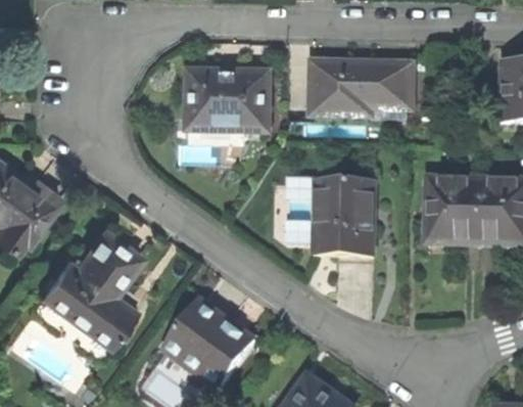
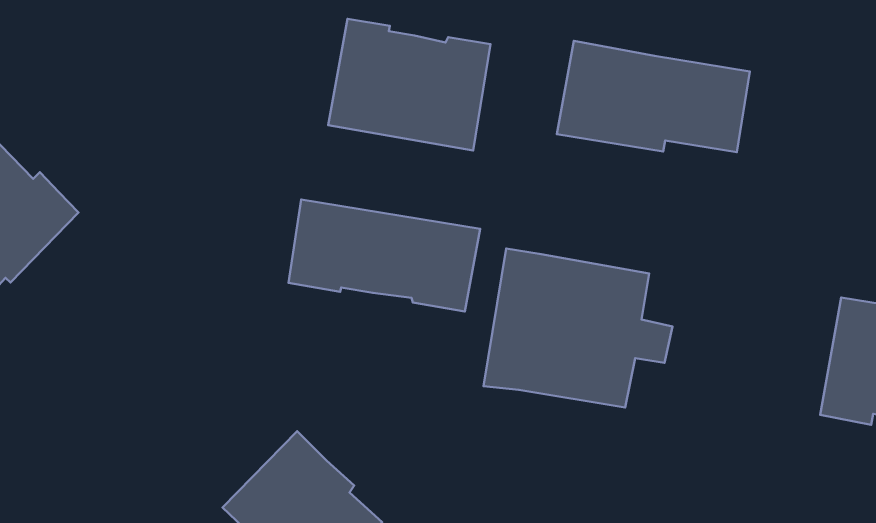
building: none -> [288,200,480,312]
building: [430,177,482,242] -> none
building: [45,228,142,344] -> none

